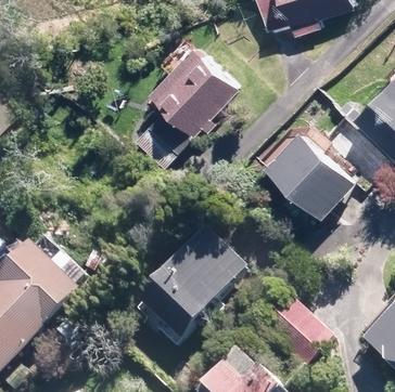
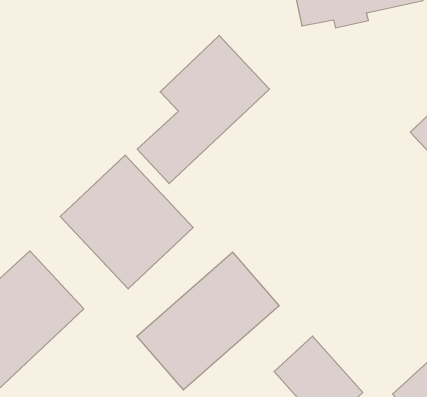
building: [258,117,356,213] -> none
building: none -> [60,155,193,289]

